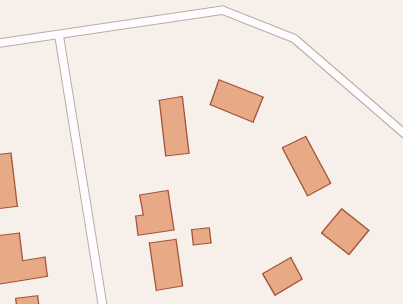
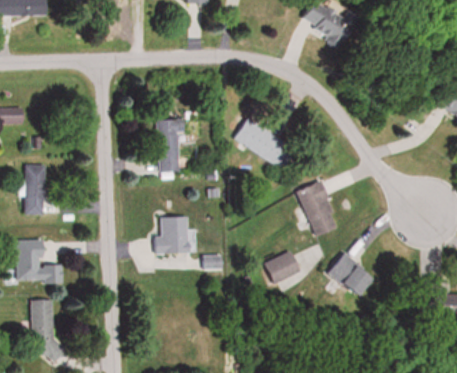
building: [159,97,189,156] -> [158,118,180,171]
building: [149,239,182,291] -> none
building: [263,257,302,295] -> [263,251,299,284]

